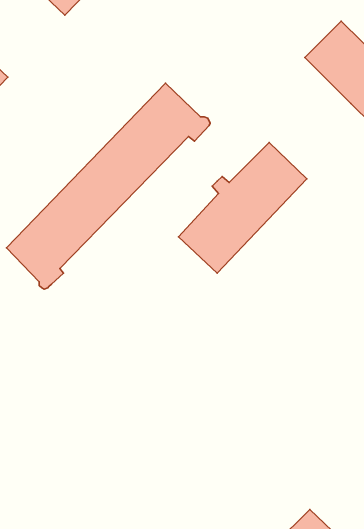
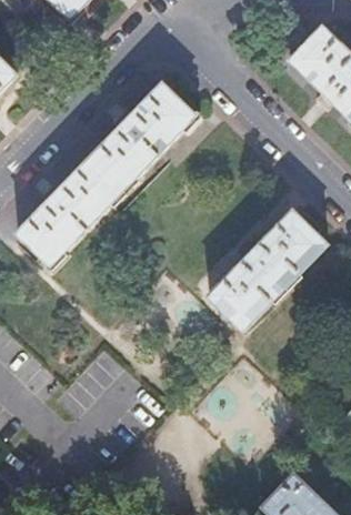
building: [178,142,307,273] -> [205,210,323,330]

